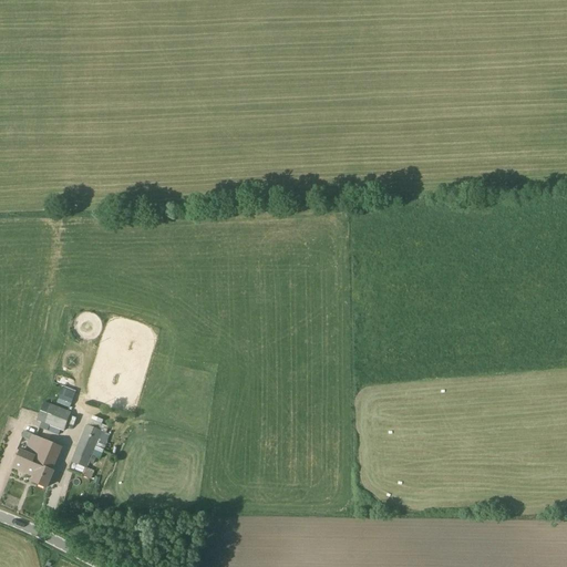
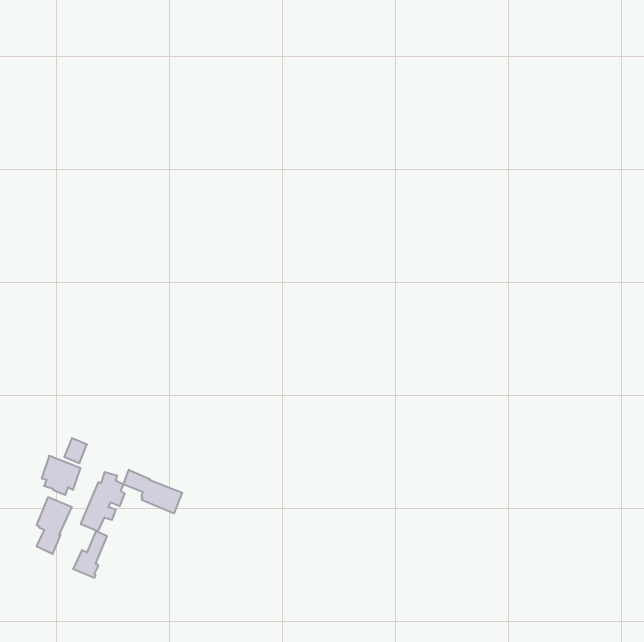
building: none -> [124,470,182,513]
building: [12,433,42,474] -> [73,531,107,578]

